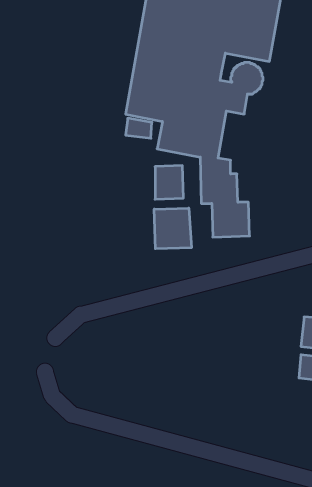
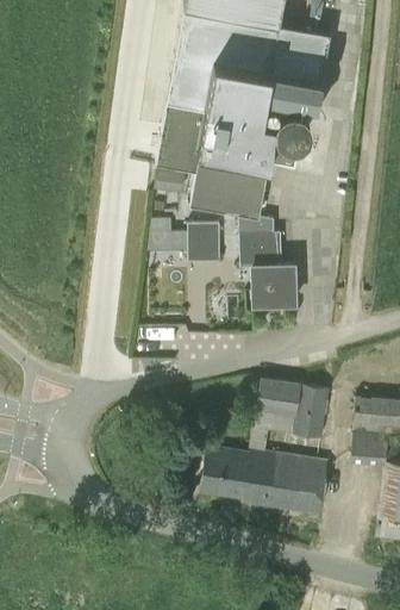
building: [154,208,191,249] -> none
building: none -> [201,375,330,515]

